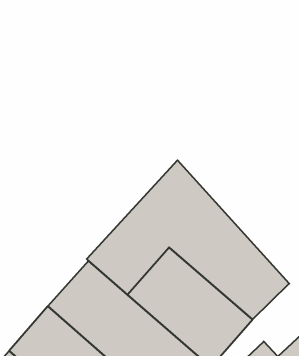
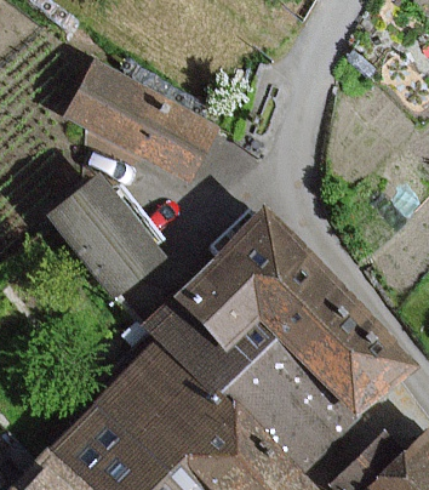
building: none -> [63,61,219,183]
building: none -> [45,173,164,298]

